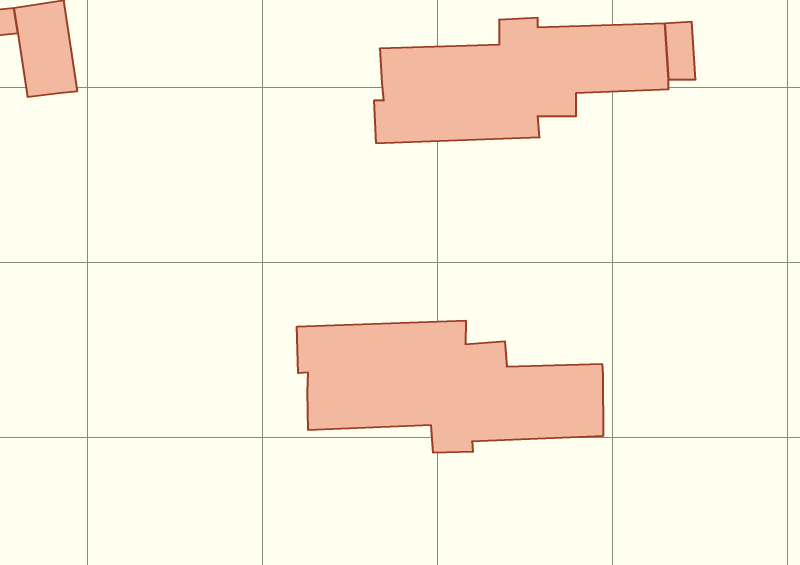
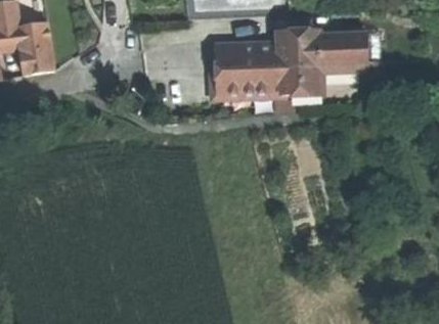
building: [297,321,603,453] -> none

